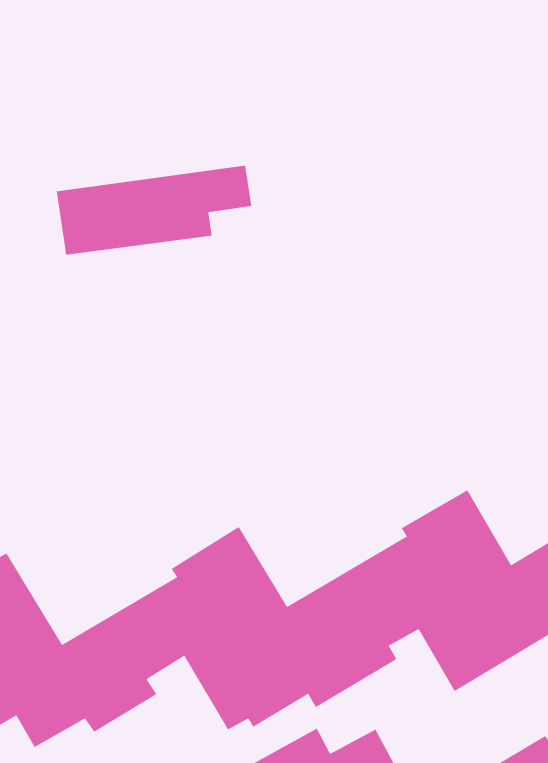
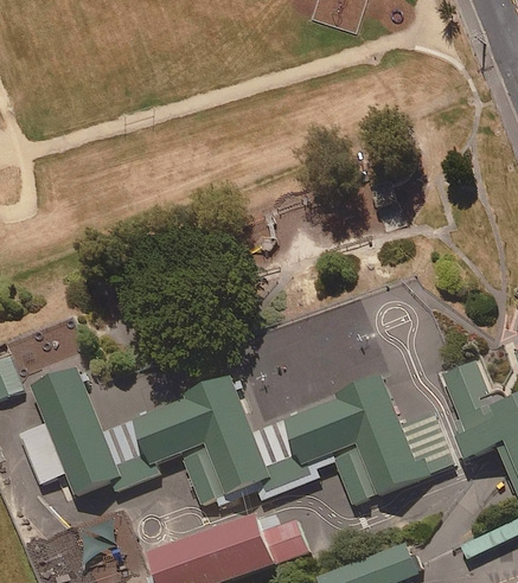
building: [56,165,252,256] -> none

